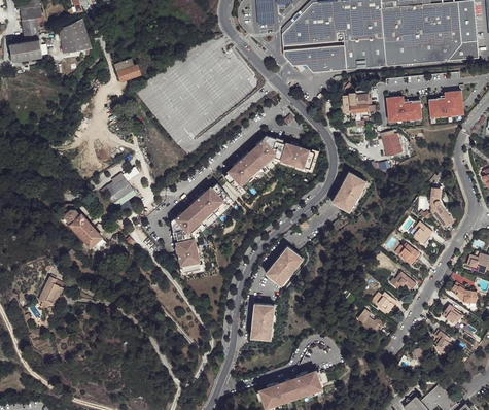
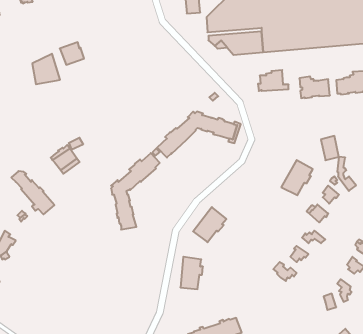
building: [60,19,92,54] -> [32,54,60,84]
building: [381,130,401,158] -> [321,136,339,160]
building: [331,172,368,212] -> [281,160,313,195]

